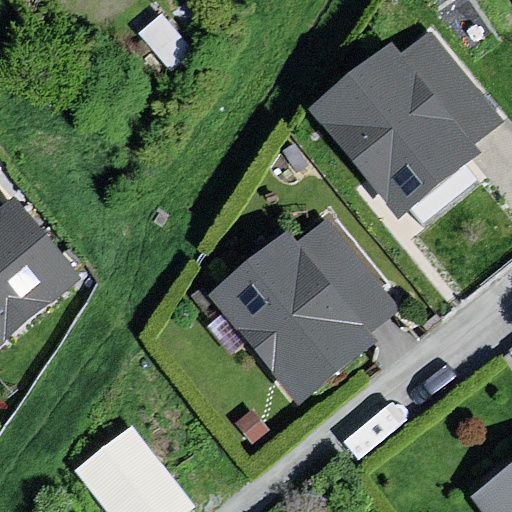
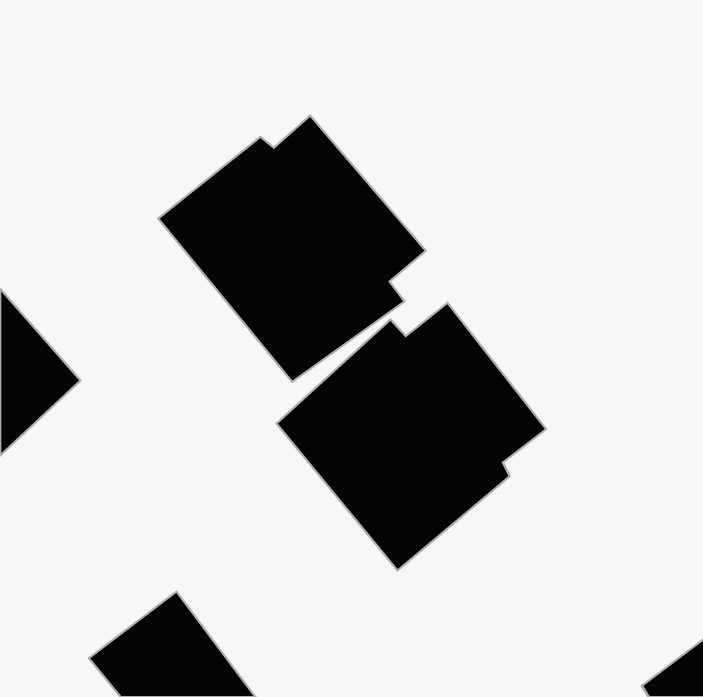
building: [326,30,498,199] -> none
building: none -> [158,116,426,382]

